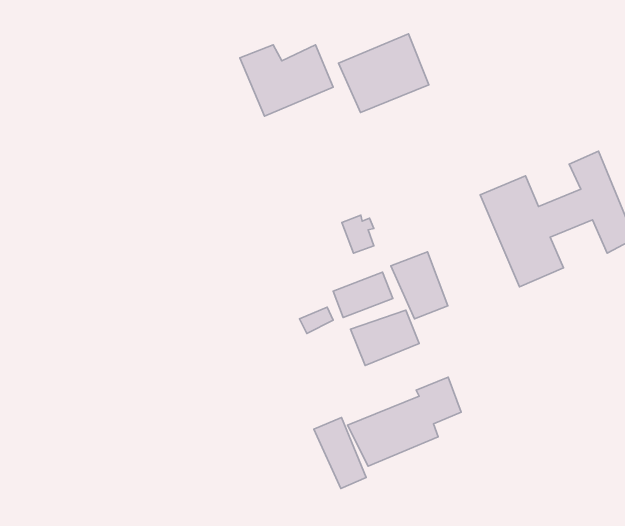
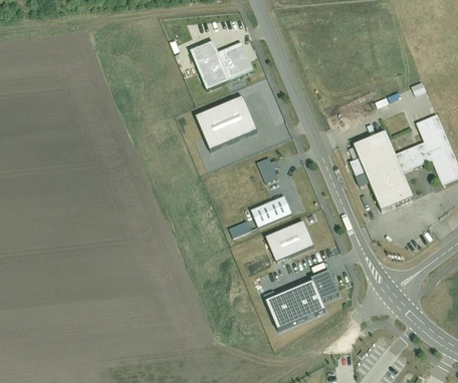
building: [338,34,429,113] -> [198,96,260,150]
building: [391,252,448,319] -> none
building: [314,418,366,488] -> none

